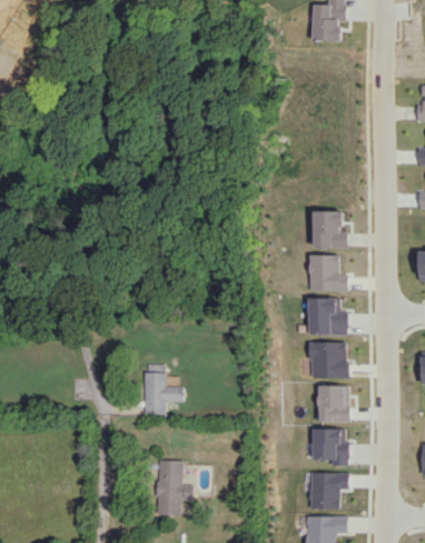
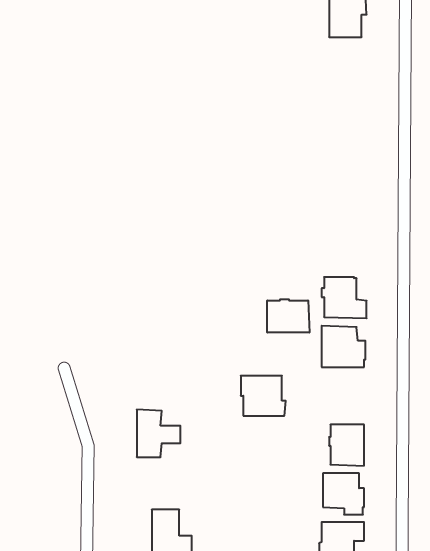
building: [315,211,349,248] -> none
building: none -> [267,299,309,333]
building: [308,342,348,378] -> [241,376,286,416]

